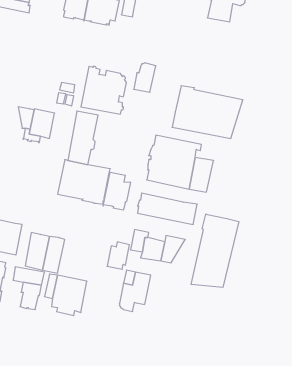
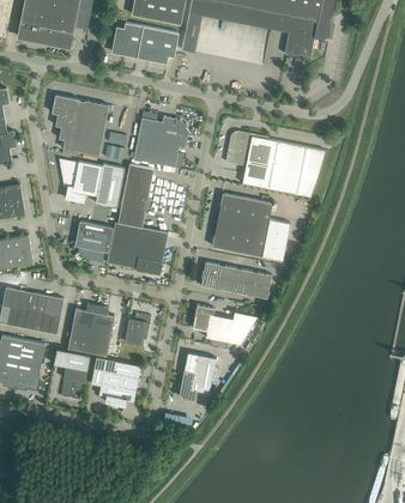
building: none -> [50,95,108,156]
building: [134,63,156,92] -> [225,131,252,165]
building: none -> [95,164,123,207]
building: none -> [74,220,111,262]
building: [103,172,130,210] -> none
building: [191,214,239,287] -> none
building: [107,242,129,269] -> [123,313,150,345]

